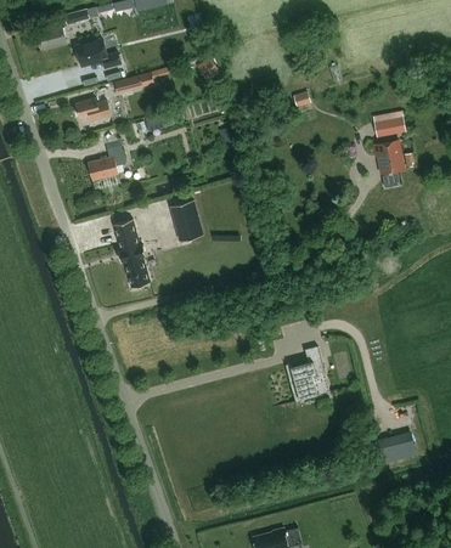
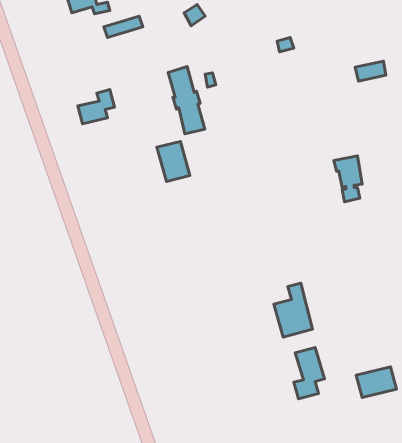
building: [75,100,112,120] -> none
building: [373,141,402,188] -> [334,156,362,202]
building: [113,219,151,288] -> [168,67,205,134]
building: none -> [294,347,325,399]

